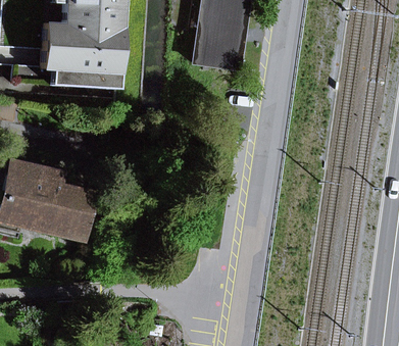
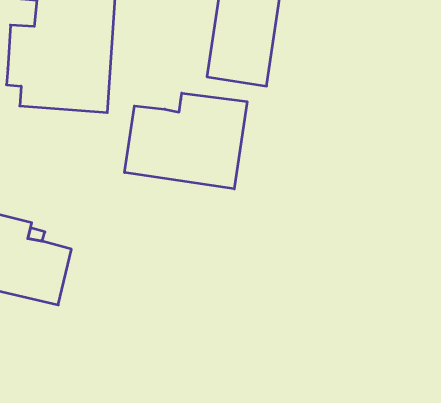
building: none -> [125,93,247,189]

